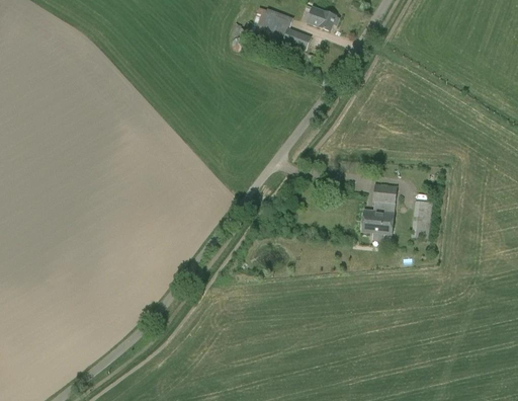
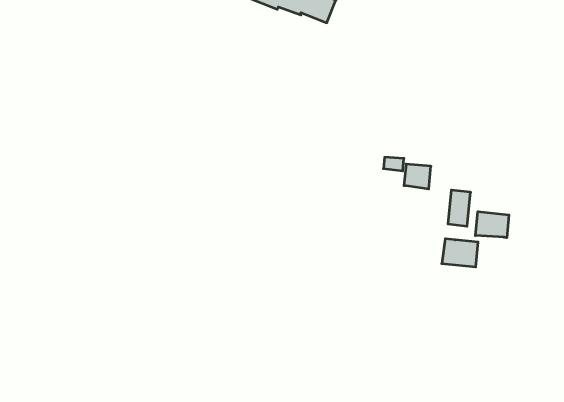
building: [361,208,394,233] -> [442,239,478,267]
building: none -> [475,212,509,238]

